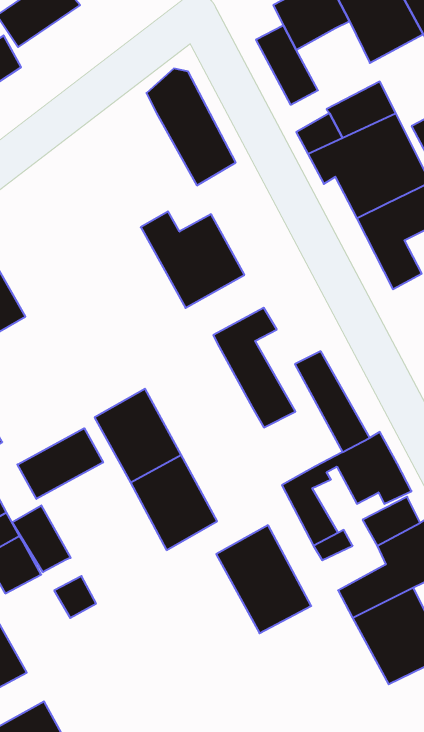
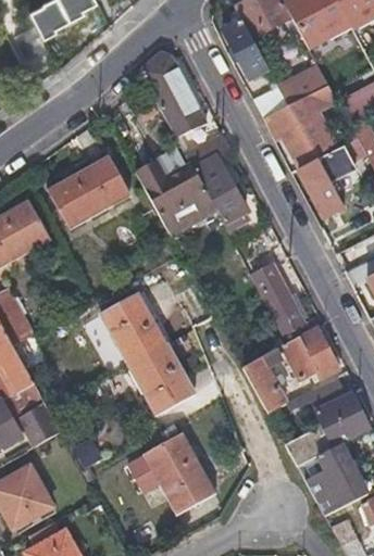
building: none -> [48,155,128,228]
building: [213,308,295,427] -> [185,132,247,223]
building: [17,428,103,499] -> none
building: [12,505,71,572] -> none
building: [216,525,311,633] -> [144,433,215,515]

